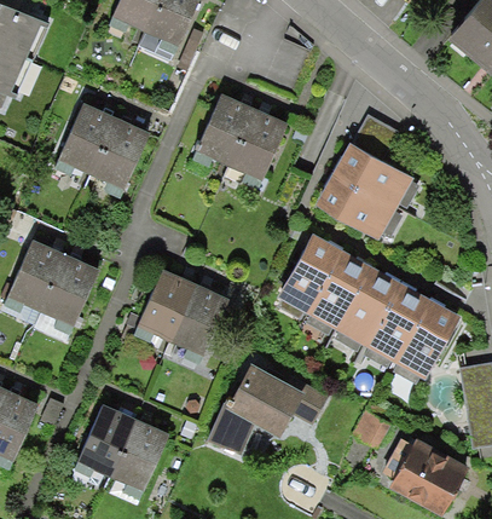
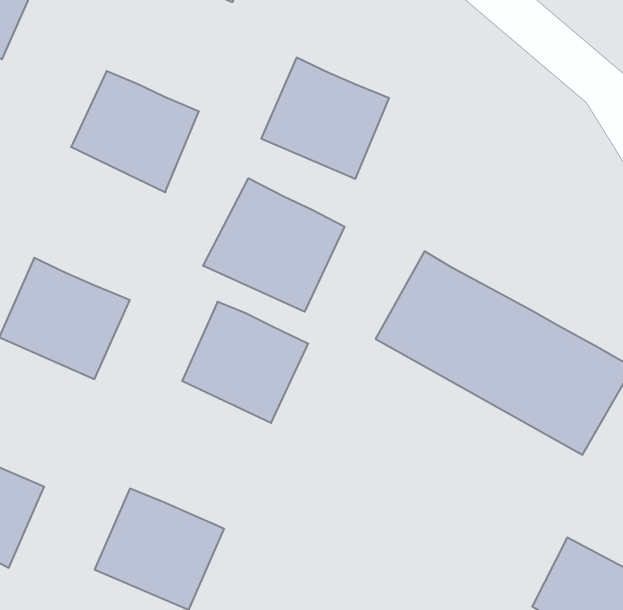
building: [318,143,413,238] -> none
building: none -> [203,178,345,312]
building: [207,364,329,455] -> none

